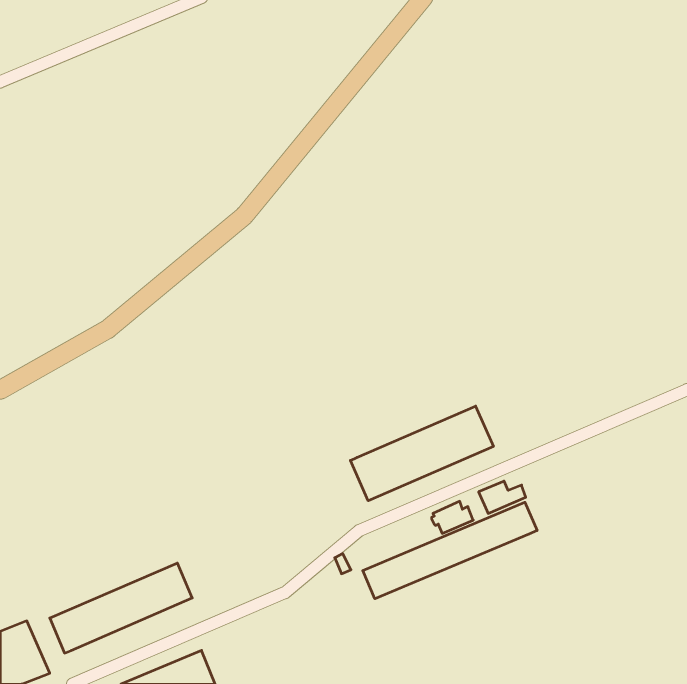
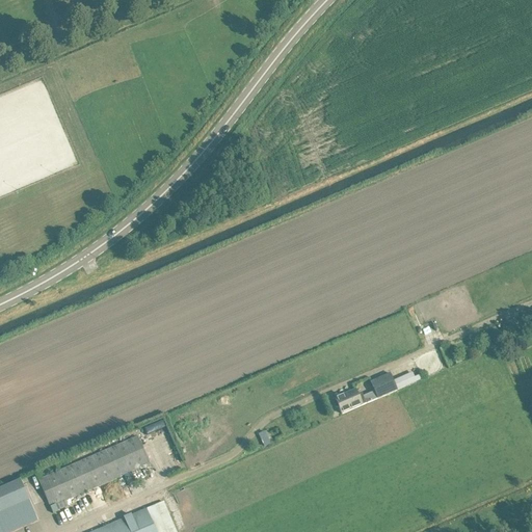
building: [350,406,493,501] -> none
building: [363,502,537,599] -> none

